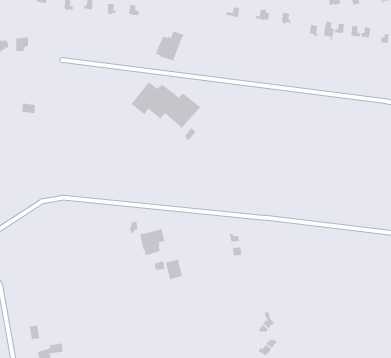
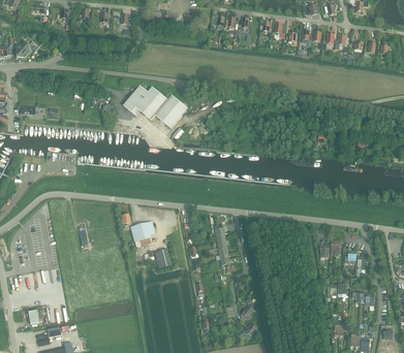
building: [155,30,185,61] -> none

